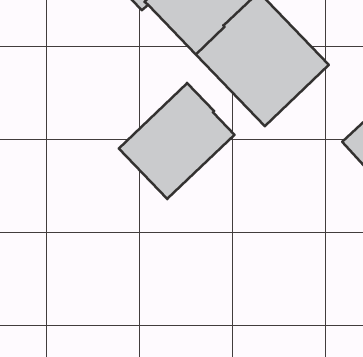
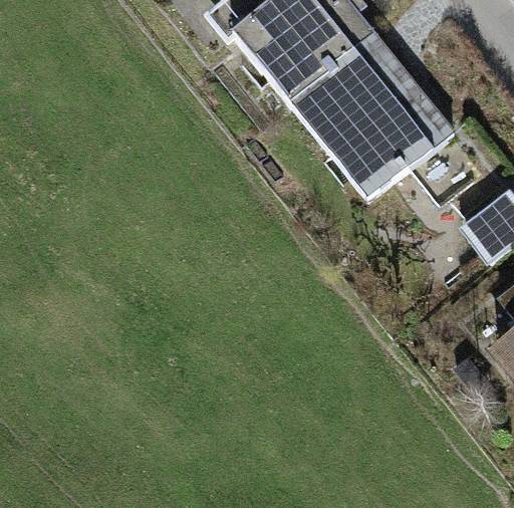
building: [119,83,234,199] -> none

